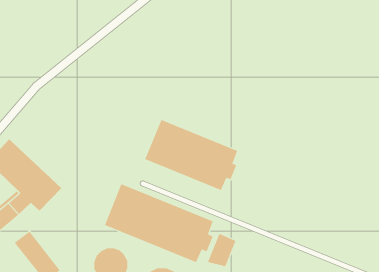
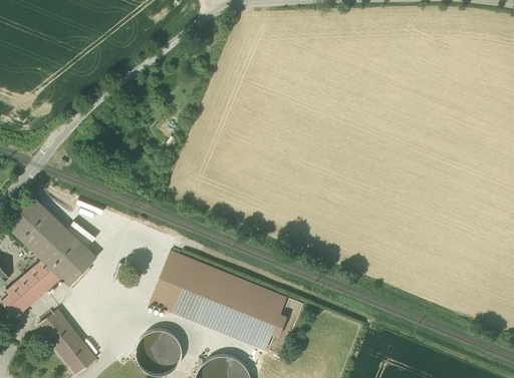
building: [145,119,238,191] -> none
building: [207,233,236,267] -> none

